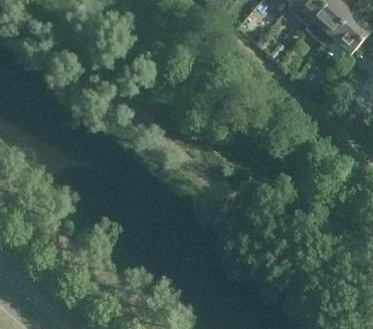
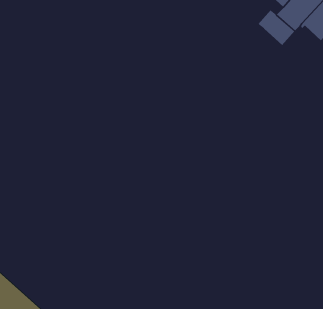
building: none -> [258,10,295,46]

